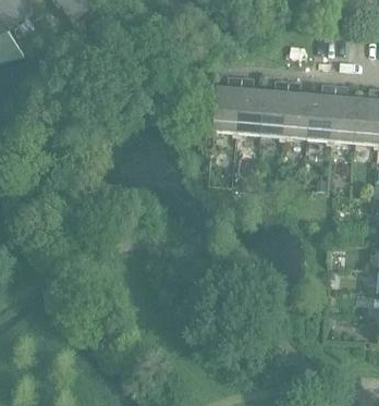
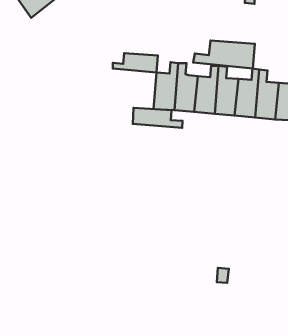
building: none -> [193,40,255,69]
building: none -> [113,53,158,72]
building: none -> [133,108,182,128]

